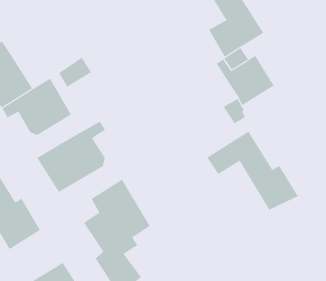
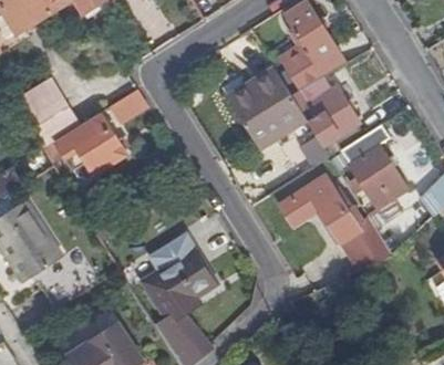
building: none -> [229,69,306,147]
building: none -> [349,144,407,226]
building: [36,121,106,193] -> none

